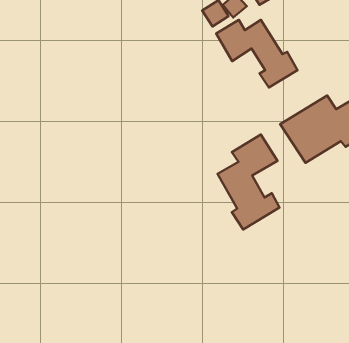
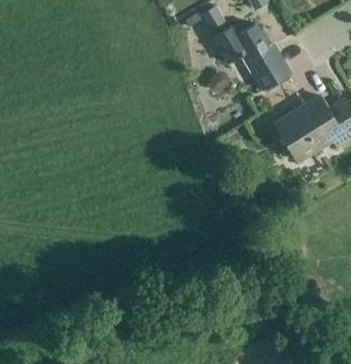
building: [218,135,279,229] -> none

